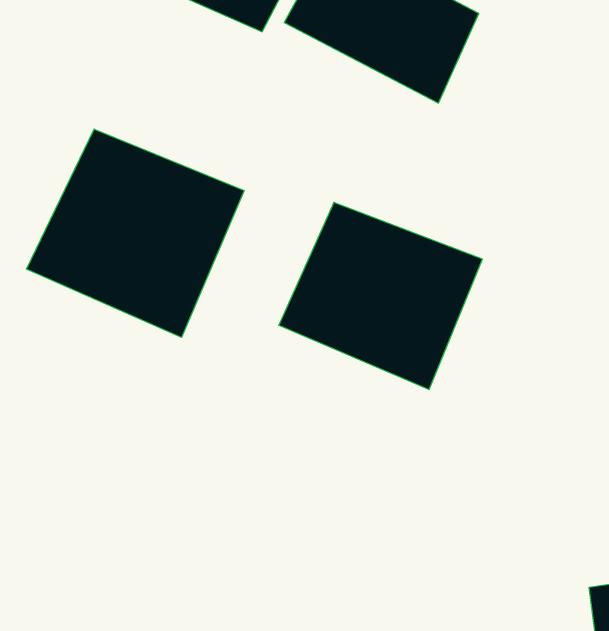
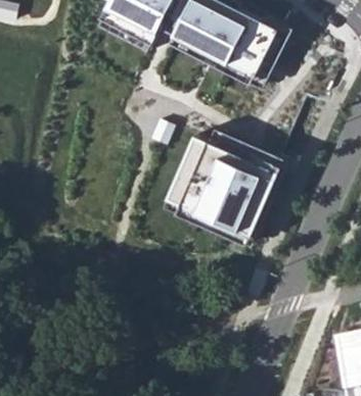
building: [26,129,244,337] -> none

